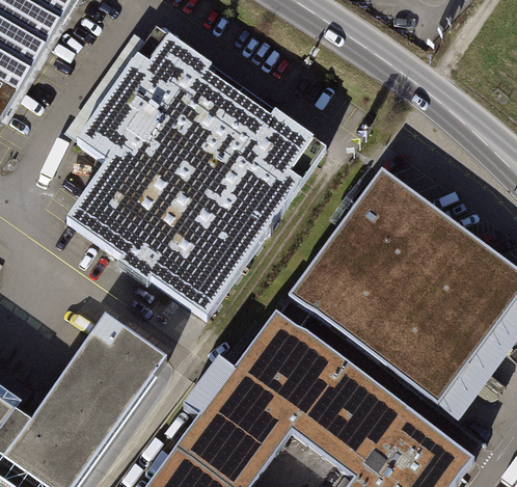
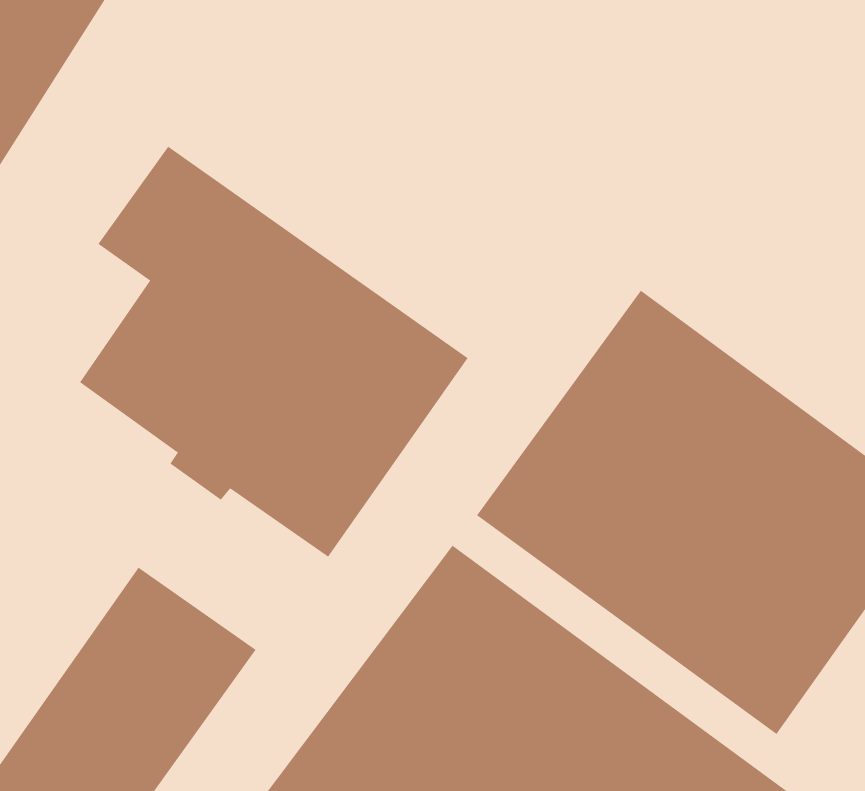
building: [115,28,325,205] -> none

